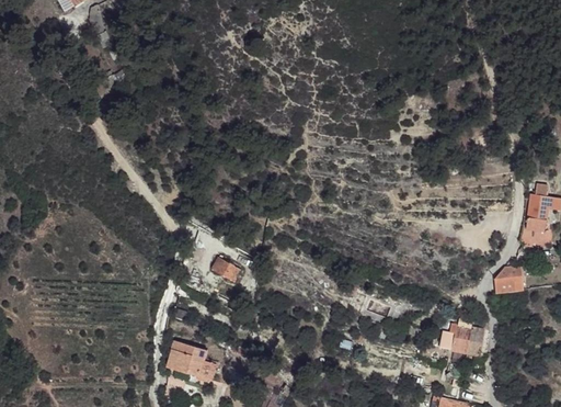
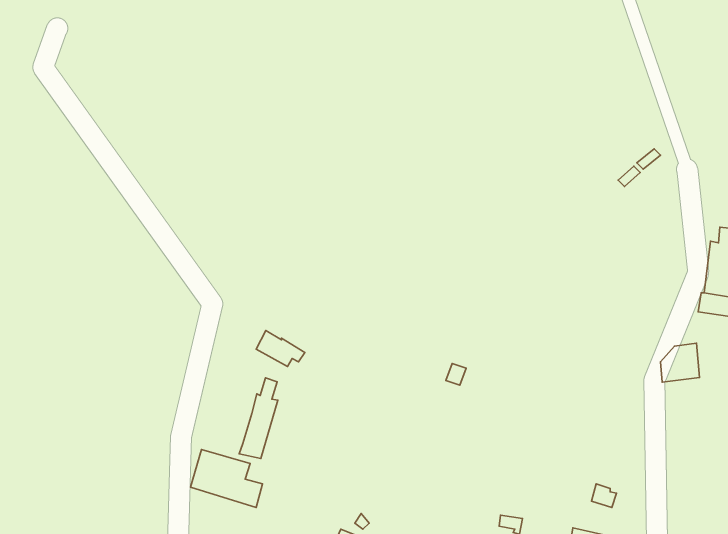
building: none -> [239,378,278,459]
building: [439,317,489,357] -> none

